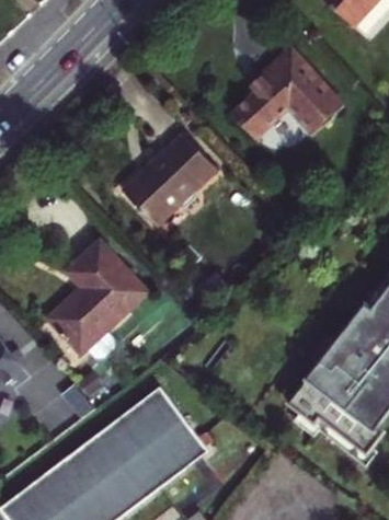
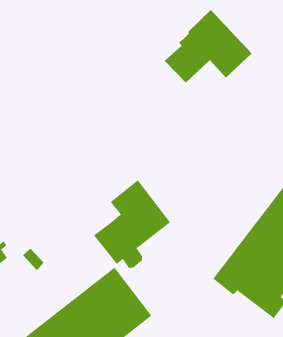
building: [115,130,209,223] -> none
building: [44,236,146,353] -> [93,180,171,268]

